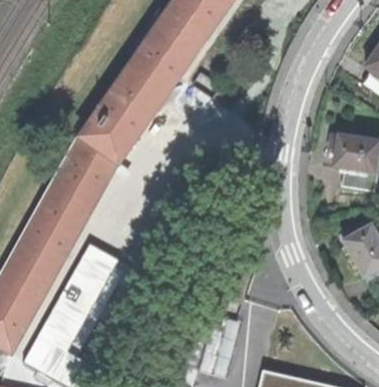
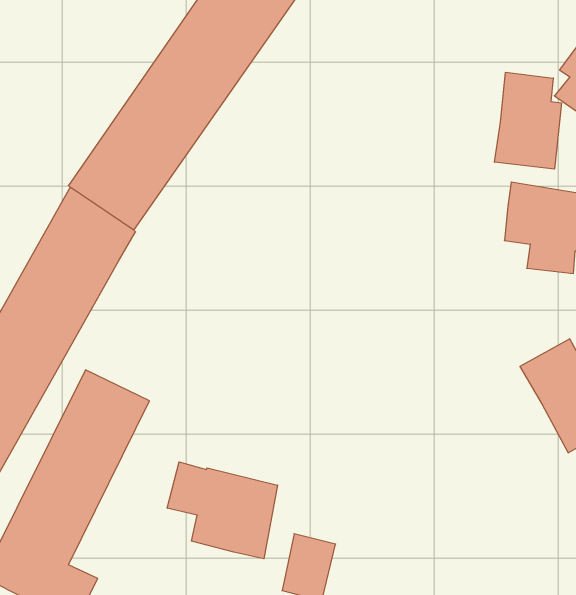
building: none -> [495,72,561,169]
building: none -> [167,462,278,559]

